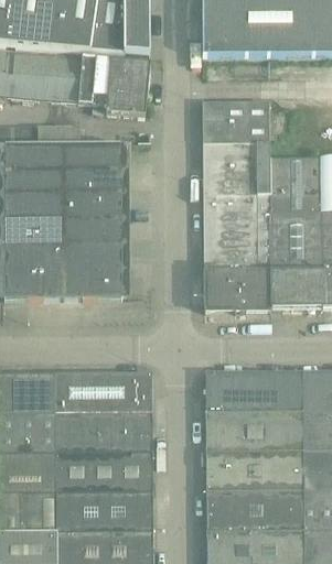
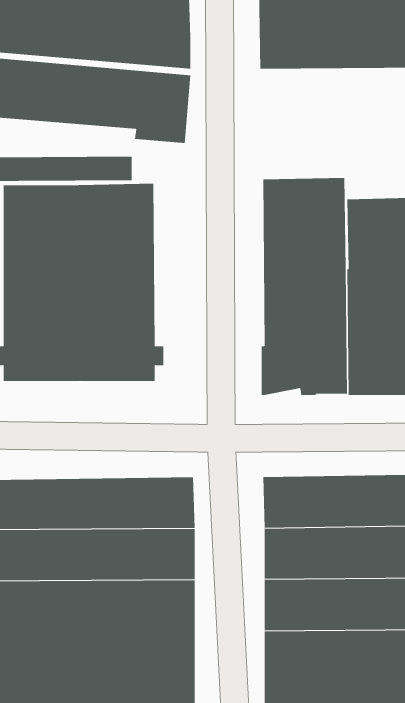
building: [203,99,269,141] -> none

